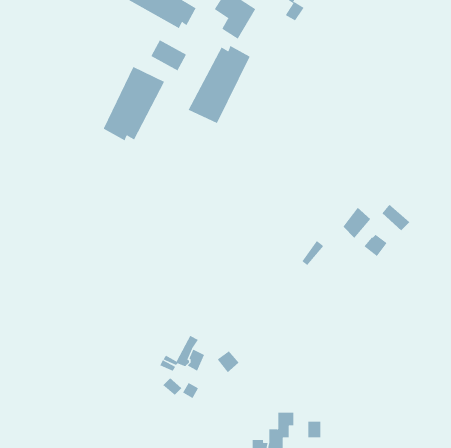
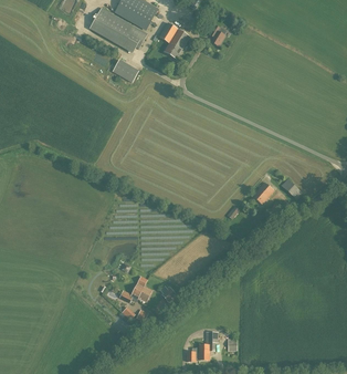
building: [188,45,253,124] -> none
building: [100,66,165,141] -> none

